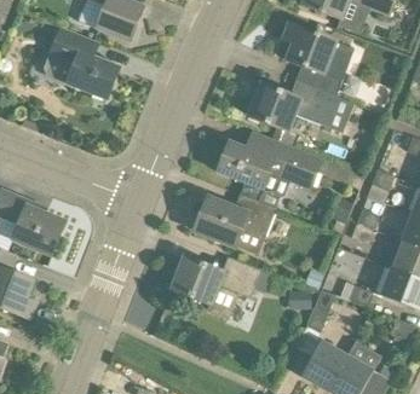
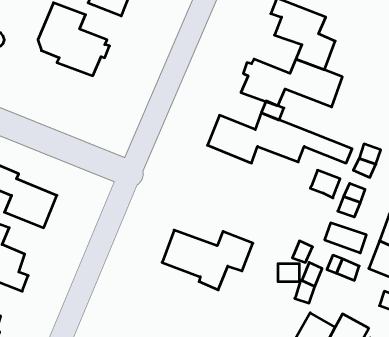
building: [197,192,275,254] -> none

